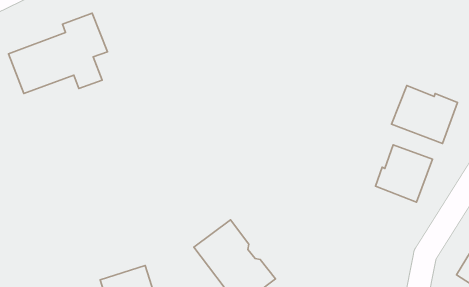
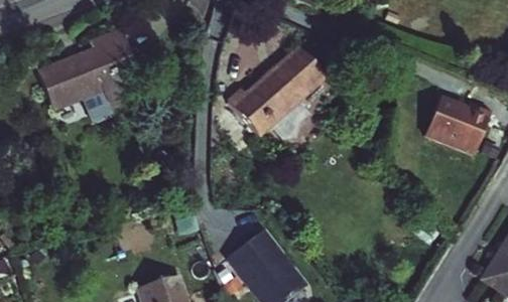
building: none -> [229,37,332,145]
building: [375,145,433,202] -> none

